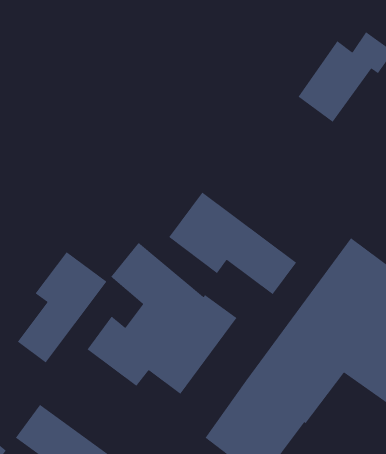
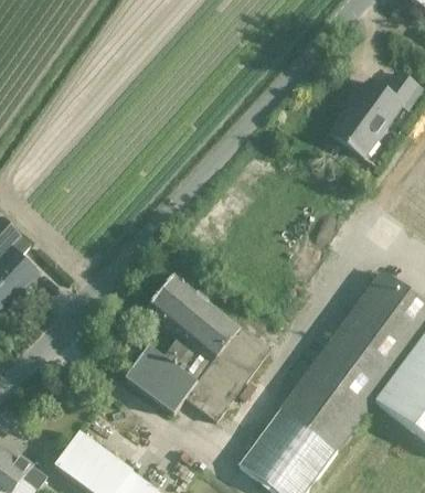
building: [168,191,297,295] -> none
building: [17,251,107,364] -> none

